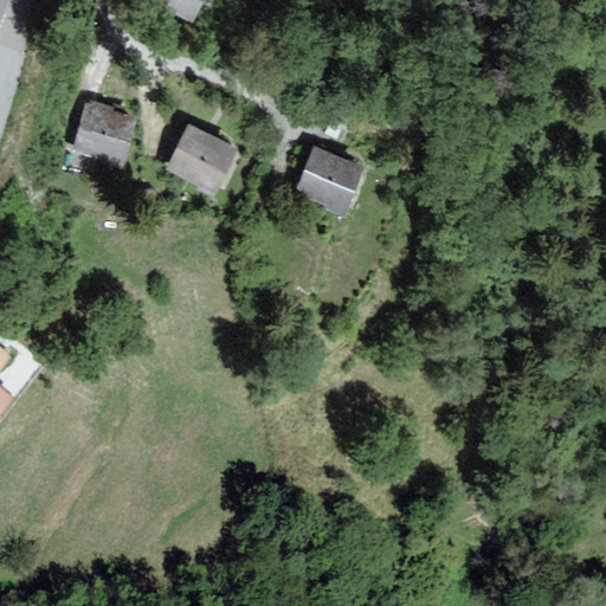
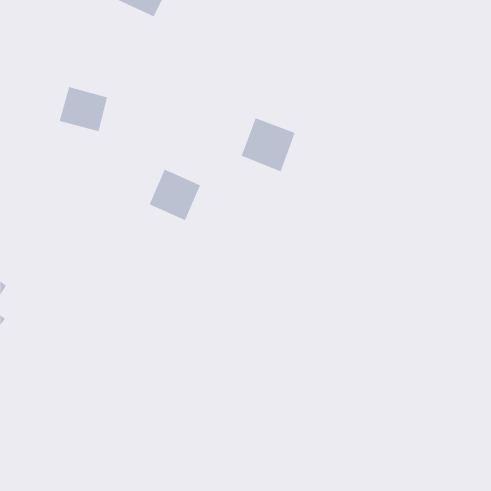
building: [169,128,233,192] -> [149,169,201,221]

